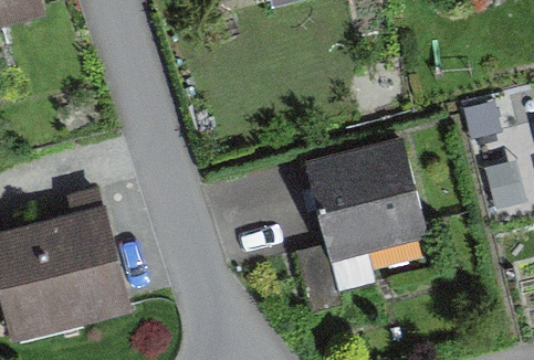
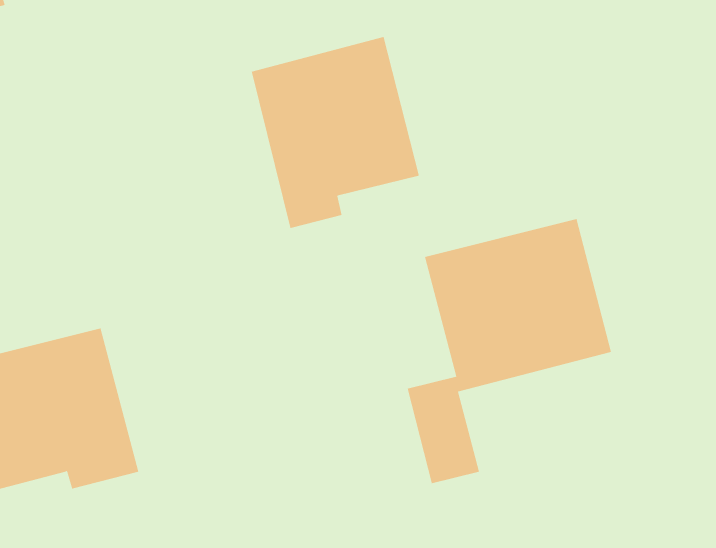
building: none -> [251,36,420,229]

